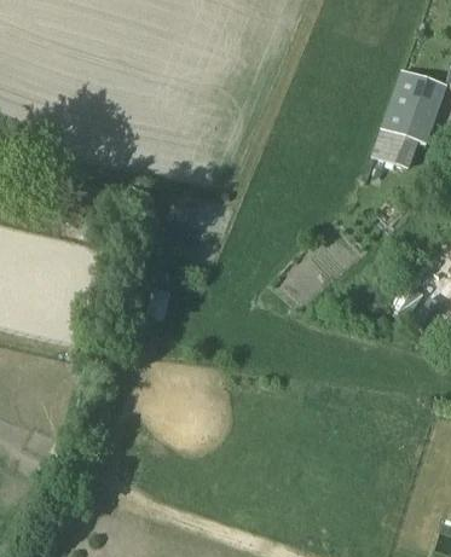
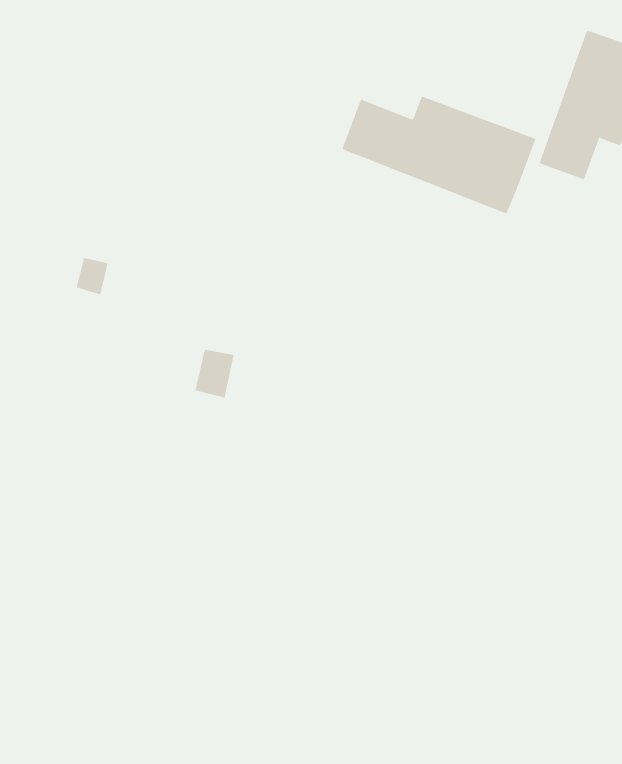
building: none -> [341,96,536,214]

